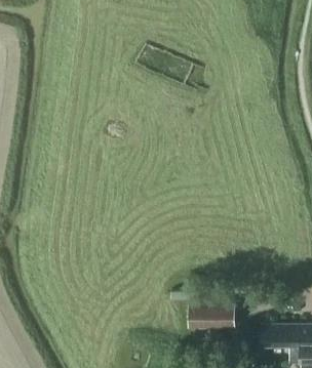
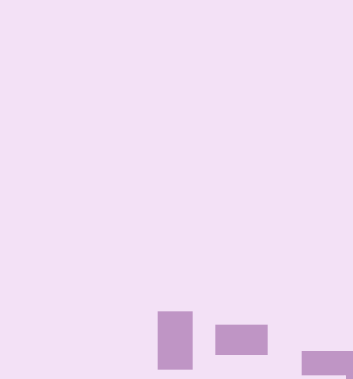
building: none -> [157,311,193,371]

